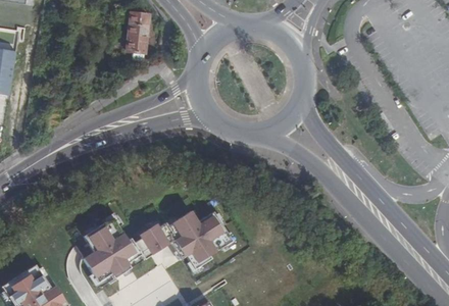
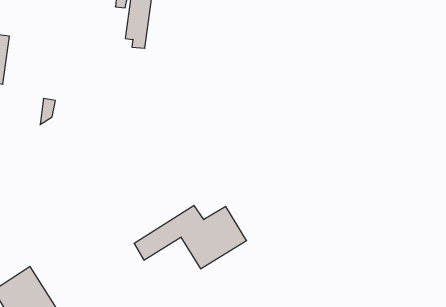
building: [76,210,142,282] -> none

